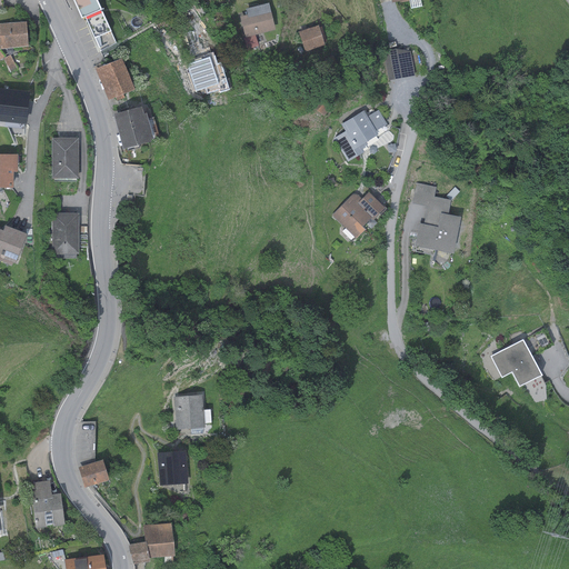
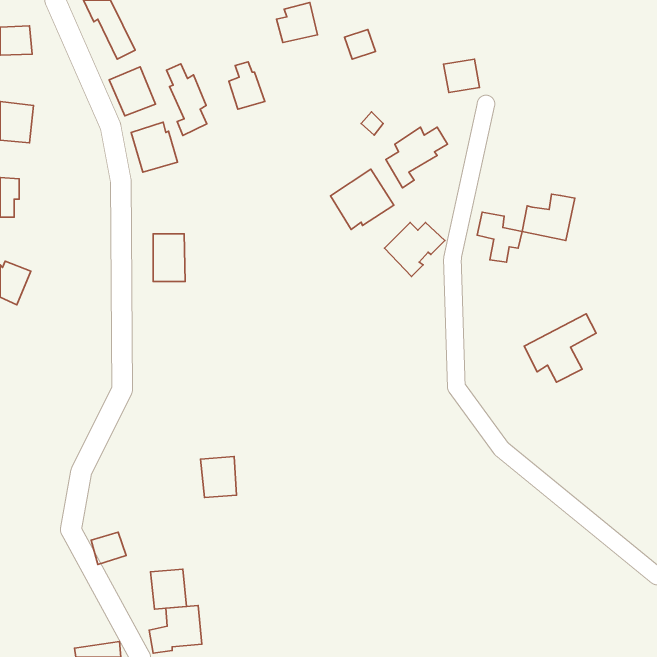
building: none -> [166,64,207,135]
building: [51,138,78,179] -> none
building: none -> [331,169,394,229]
building: [51,213,79,254] -> [153,234,185,282]
building: [415,213,460,253] -> [522,194,575,240]
building: [491,328,553,387] -> [524,314,596,382]
building: [157,451,188,486] -> [151,569,187,609]
building: [28,480,64,528] -> none

